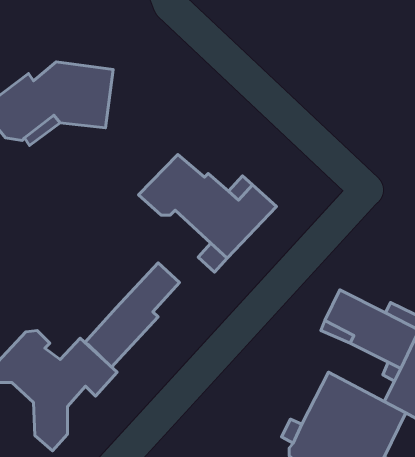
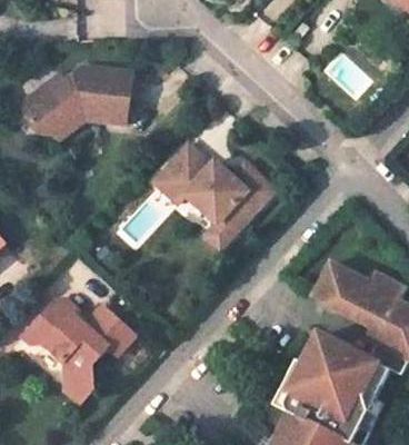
building: [85,263,179,367] -> none

